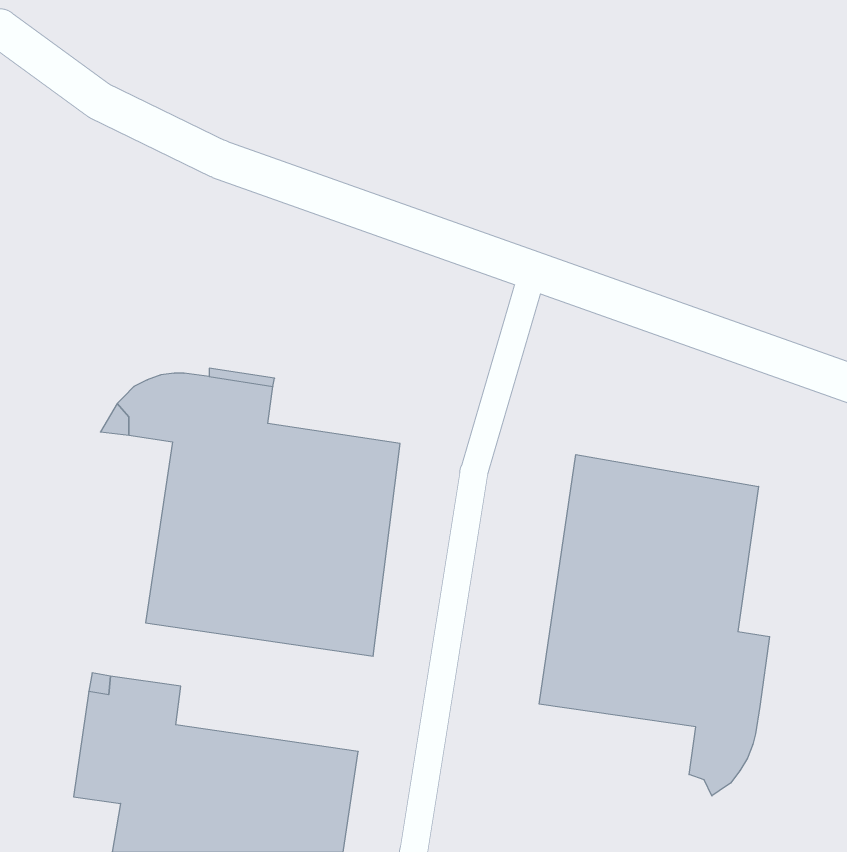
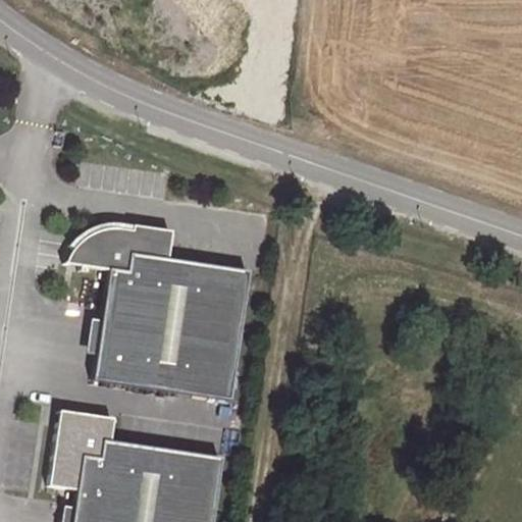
building: [539,455,770,796] -> none

